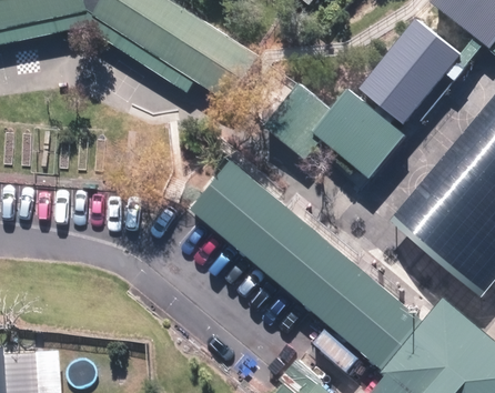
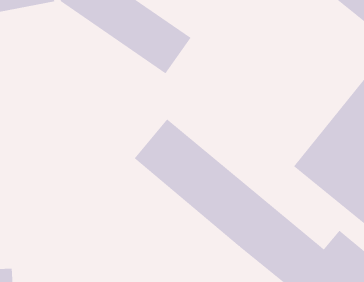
building: [360,20,459,123] -> none
building: [265,85,408,182] -> none

